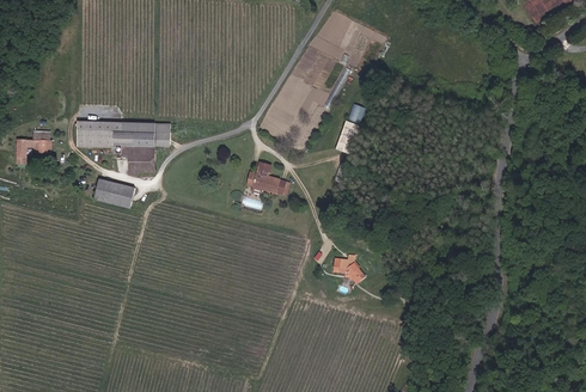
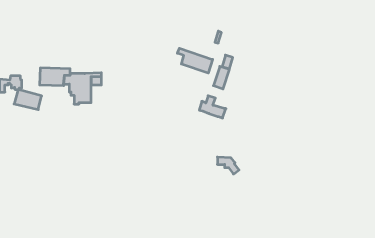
building: none -> [177,48,213,73]
building: [246,166,286,200] -> [199,96,226,118]
building: [94,179,135,209] -> [14,89,42,110]

